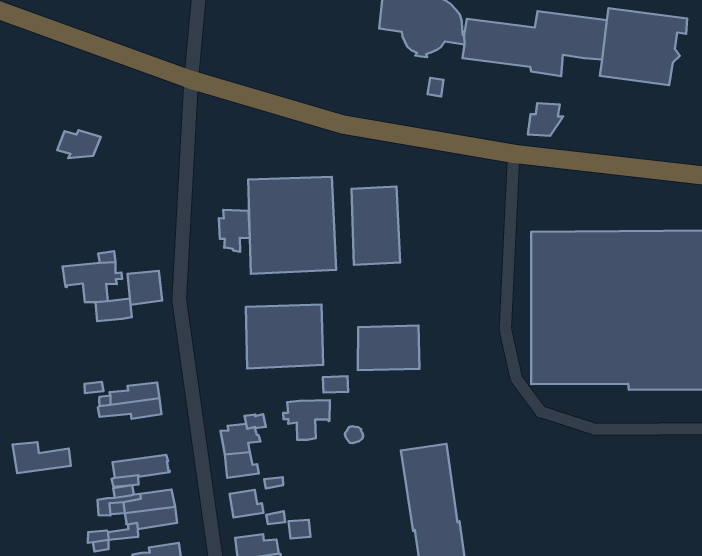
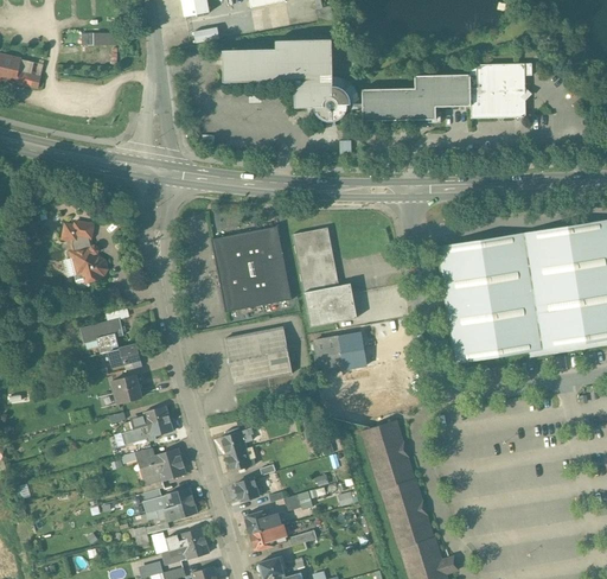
building: [528,103,563,136] -> none
building: none -> [71,238,107,288]
building: [219,210,250,252] -> none
building: none -> [304,282,357,326]
building: [128,271,162,305] -> [111,374,141,403]
building: [283,400,330,440] -> none
building: [12,442,71,473] -> [134,446,181,472]

